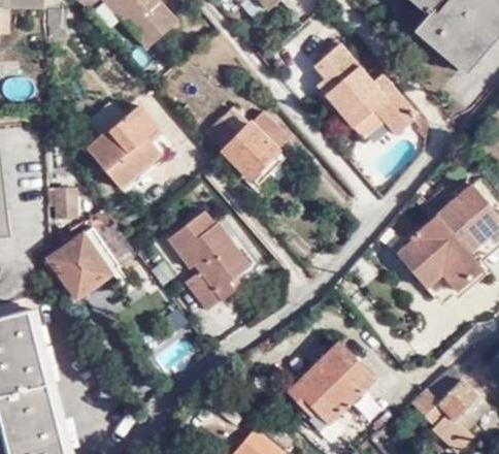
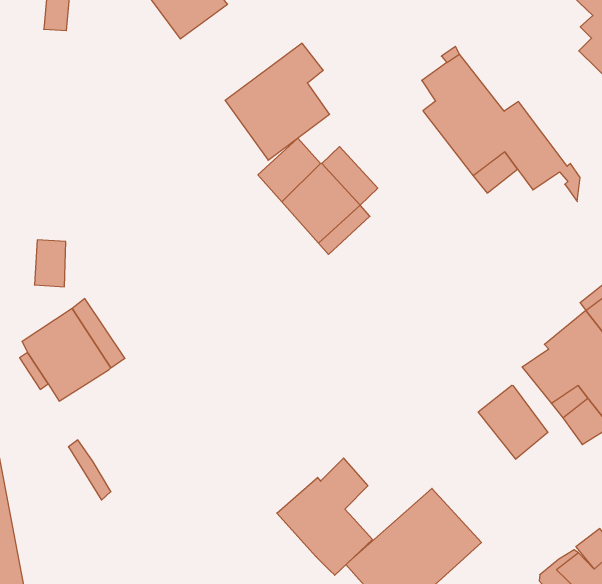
building: [87,105,159,187] -> [225,43,330,160]
building: [166,207,251,306] -> none
building: none -> [478,385,548,459]
building: none -> [277,458,373,575]

